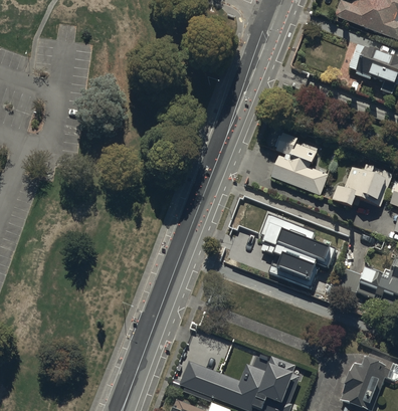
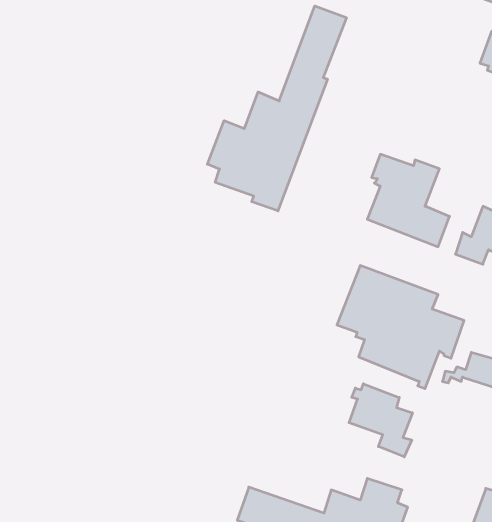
building: none -> [207,6,346,211]
building: none -> [349,384,412,457]

